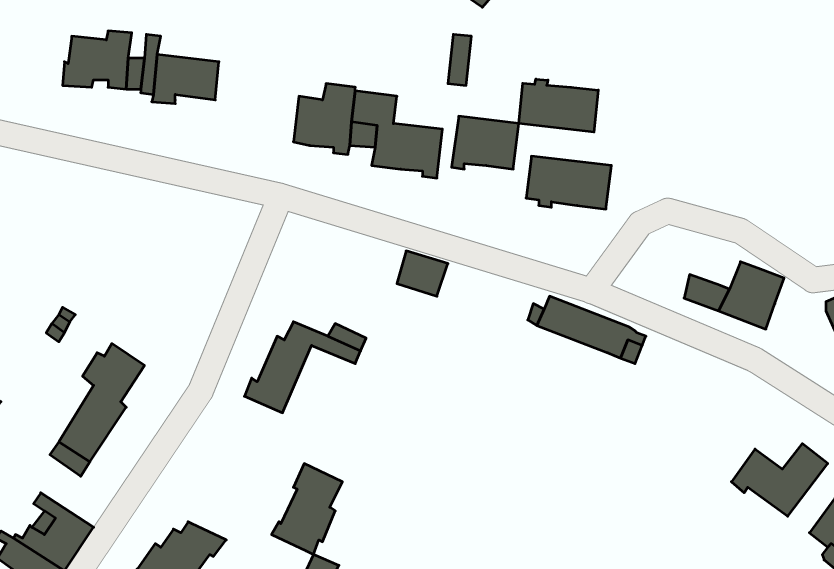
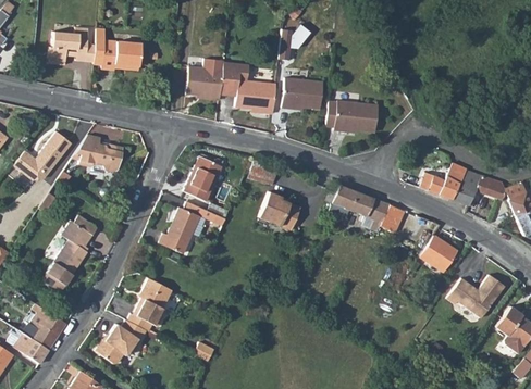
building: [519,79,598,132] -> none
building: none -> [15,129,72,178]
building: none -> [73,134,121,172]
building: none -> [183,154,220,200]
building: none -> [474,175,505,200]
building: none -> [259,191,301,230]
building: none -> [420,237,457,273]
building: [272,464,342,555] -> [125,279,168,334]

